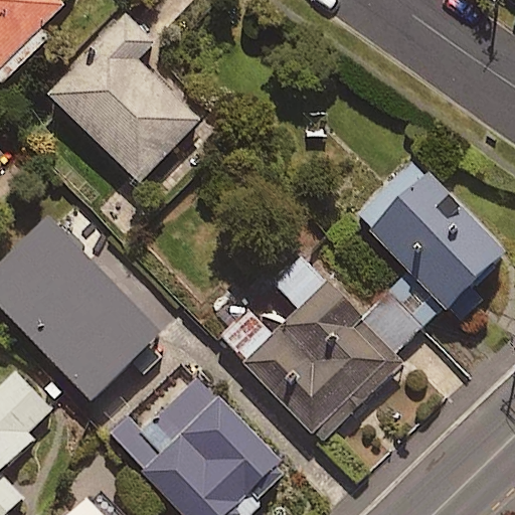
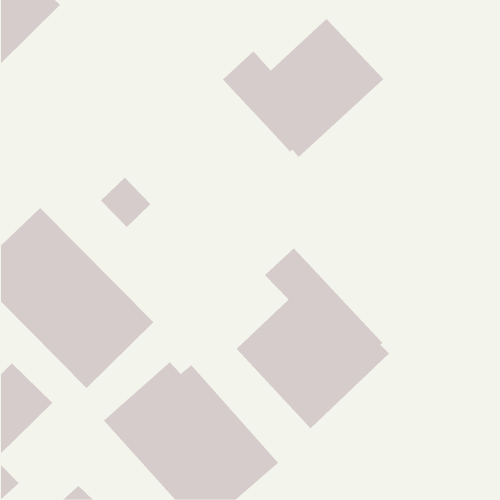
building: [46,16,225,205] -> none
building: none -> [222,18,384,158]
building: [360,166,501,351] -> none

